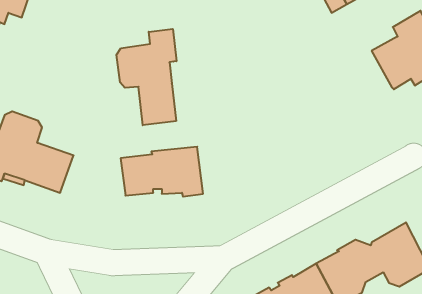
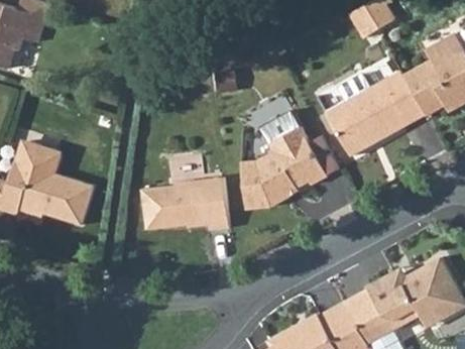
building: [116,29,176,125] -> none
building: none -> [326,71,426,156]
building: none -> [238,115,326,212]

